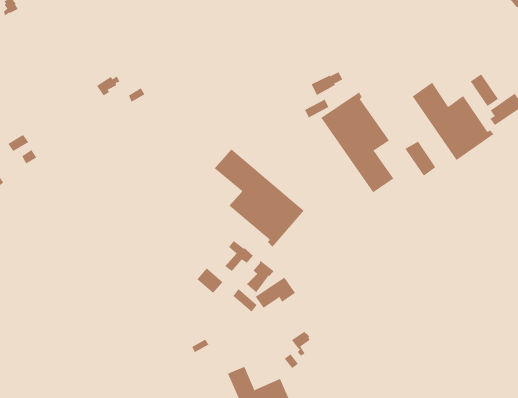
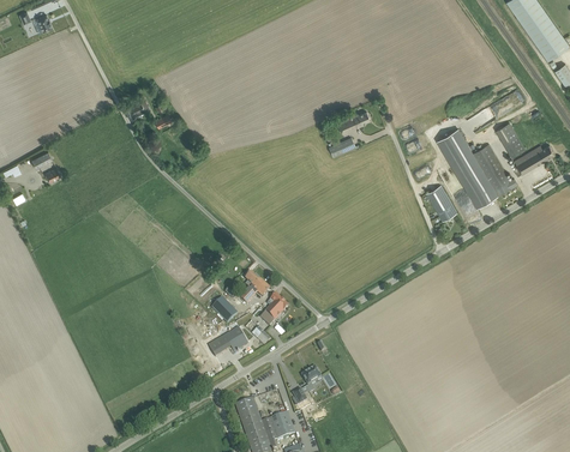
building: [321,91,394,193] -> none
building: [214,149,304,247] -> none
building: [255,277,296,308] -> [208,326,248,356]

